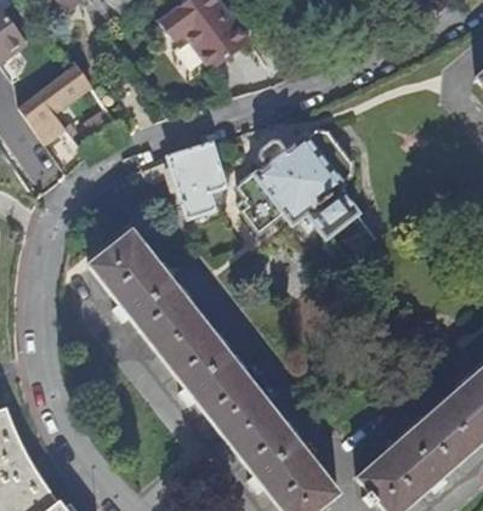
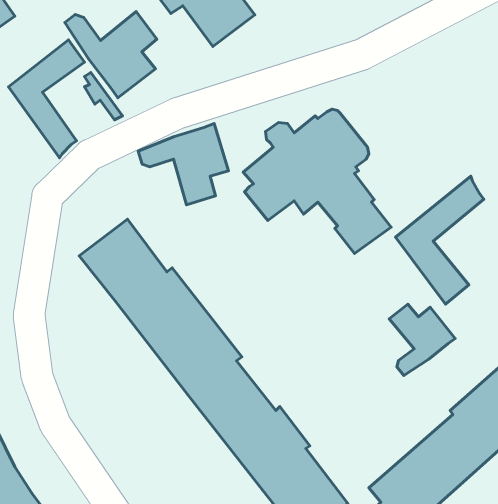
building: none -> [65,12,157,98]
building: none -> [395,176,484,304]
building: none -> [389,304,455,376]

